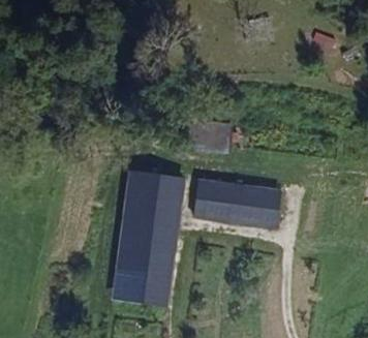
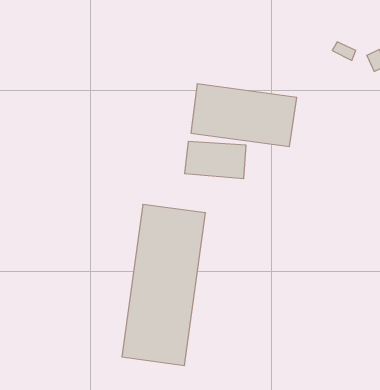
building: [187,176,276,228] -> [191,84,297,147]

